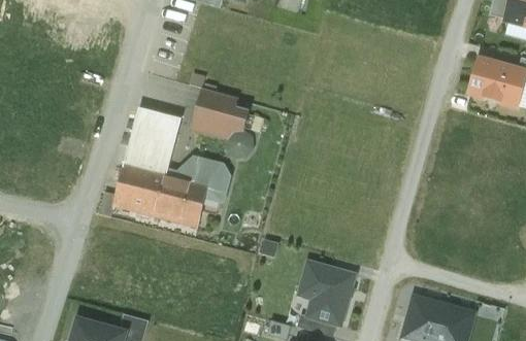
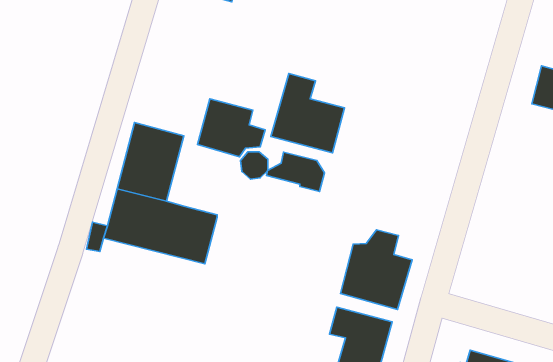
building: none -> [271,73,345,153]
building: [180,158,229,191] -> [266,152,324,191]
building: none -> [341,230,412,309]

